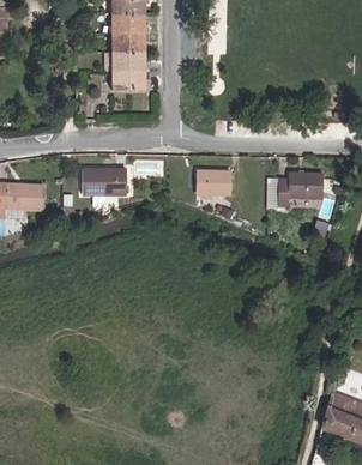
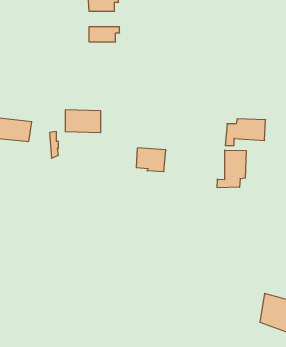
building: [114,50,151,70] -> none
building: [201,174,237,203] -> [136,148,166,172]
building: none -> [217,150,246,188]

